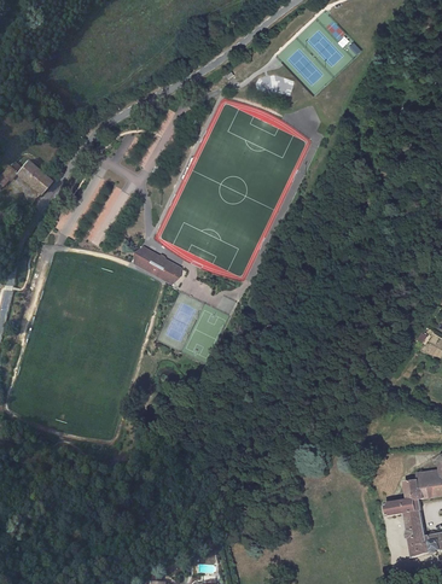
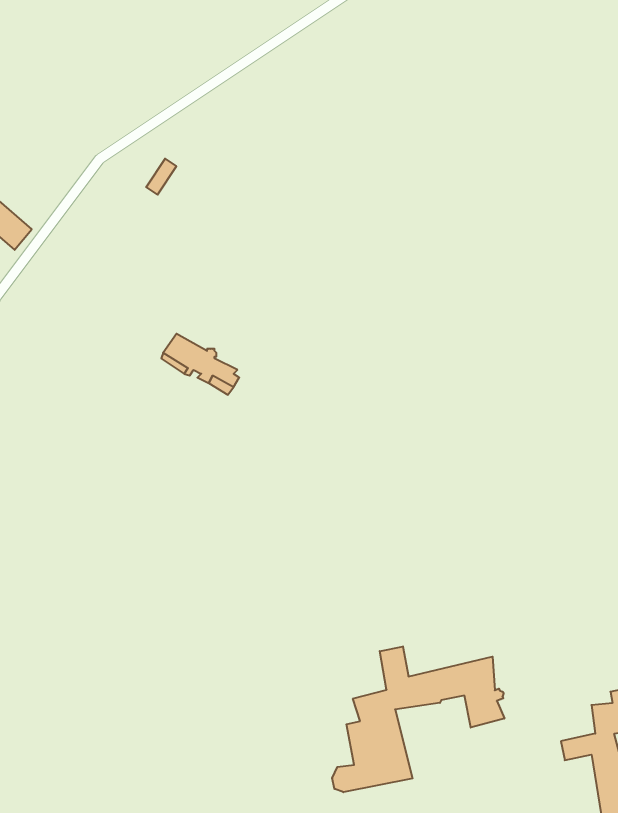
building: none -> [332,646,504,792]

